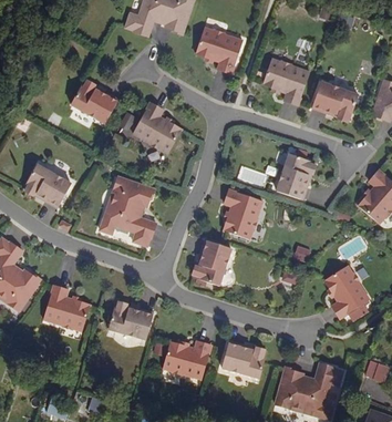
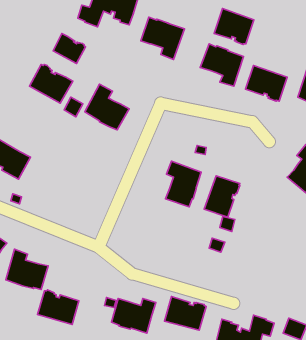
building: none -> [214,8,254,45]
building: none -> [53,33,86,63]
building: [276,152,316,198] -> [204,176,240,217]
building: [100,175,157,246] -> none
building: [189,238,229,285] -> none
building: [326,264,371,318] -> none
building: [107,300,154,339] -> [38,290,79,325]

